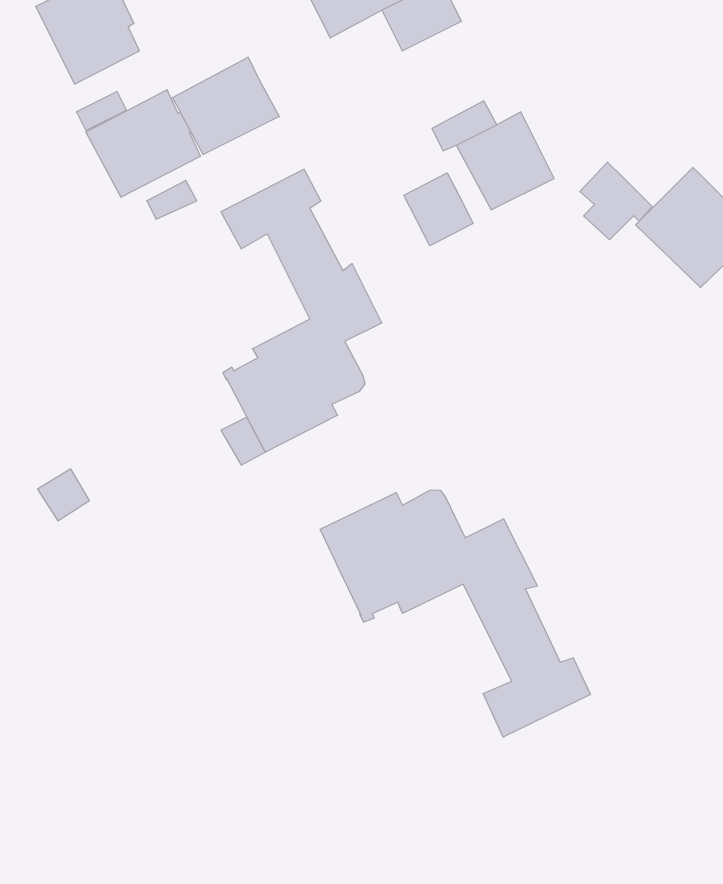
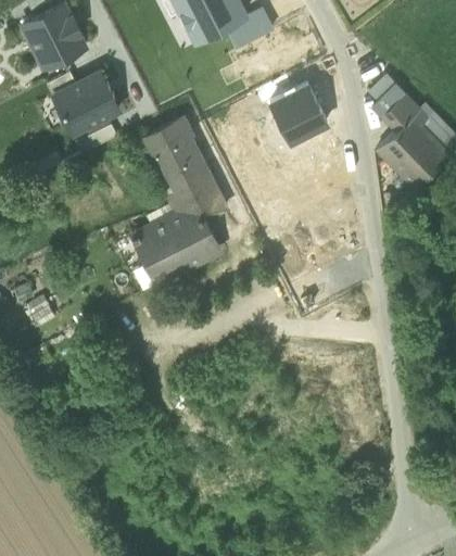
building: [172,57,279,155] -> none
building: [580,162,652,240] -> [378,85,420,130]
building: [404,173,473,246] -> none
building: [320,490,591,737] -> none

